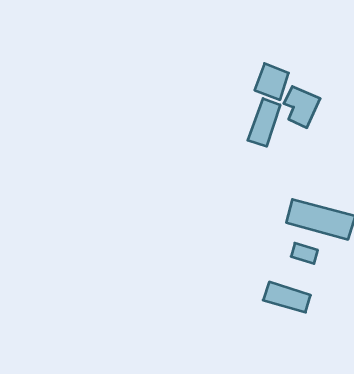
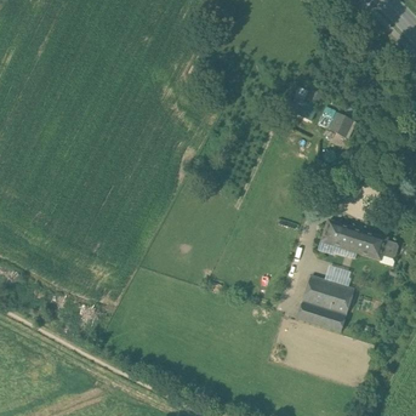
building: [248,98,280,146] -> none
building: none -> [303,275,353,315]

